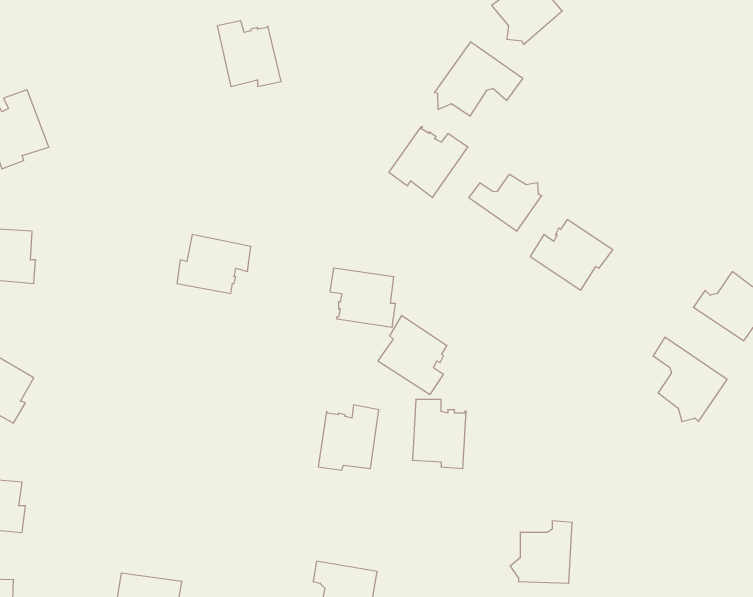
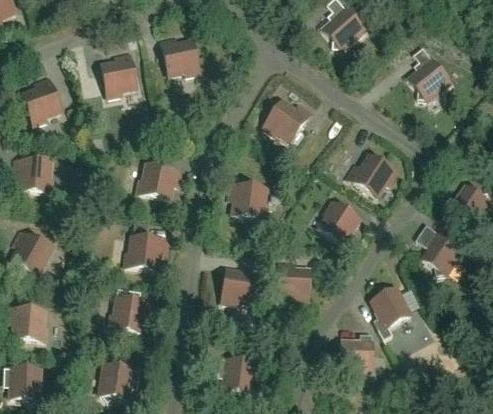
building: none -> [410,46,451,99]
building: [435,42,523,116] -> none
building: none -> [101,51,136,95]
building: [469,174,542,231] -> none
building: [378,316,447,395] -> [317,199,358,246]
building: none -> [124,235,167,268]
building: none -> [371,285,410,338]
building: none -> [114,287,152,331]

